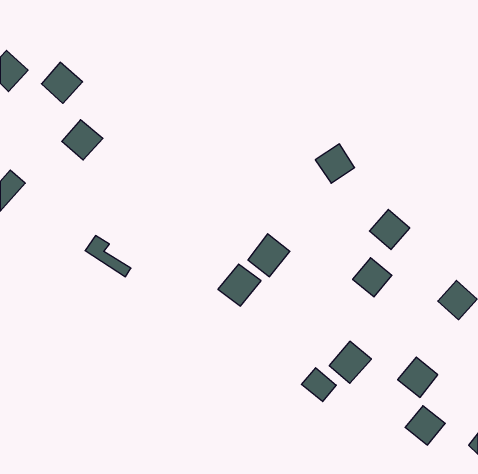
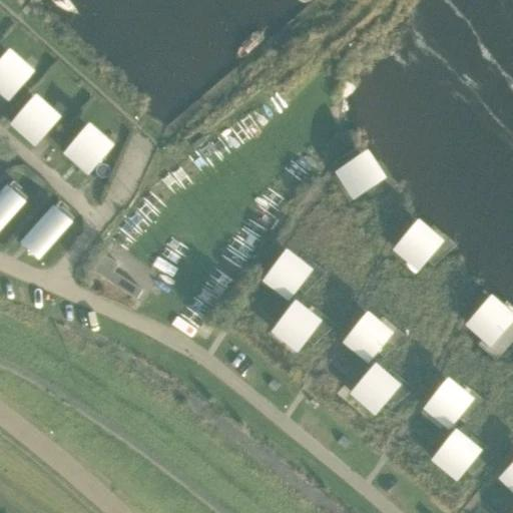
building: [41,62,83,103] -> [13,99,57,143]
building: none -> [23,201,74,254]
building: [353,258,392,297] -> [346,318,388,360]
building: [218,264,261,306] -> [274,303,320,348]
building: [301,368,336,402] -> none

